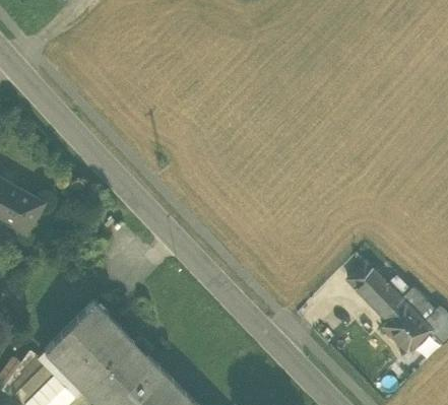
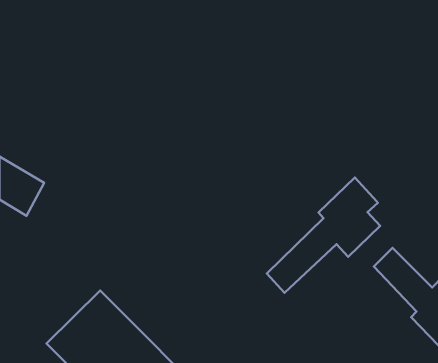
building: none -> [267,177,380,293]

